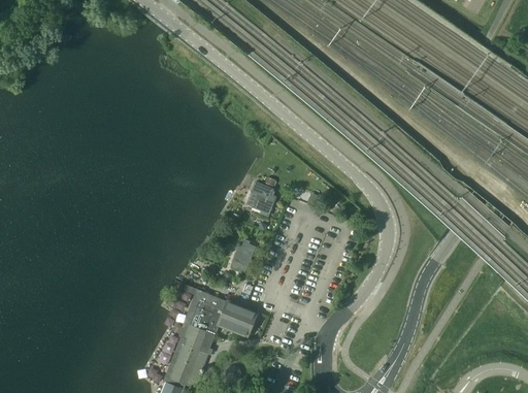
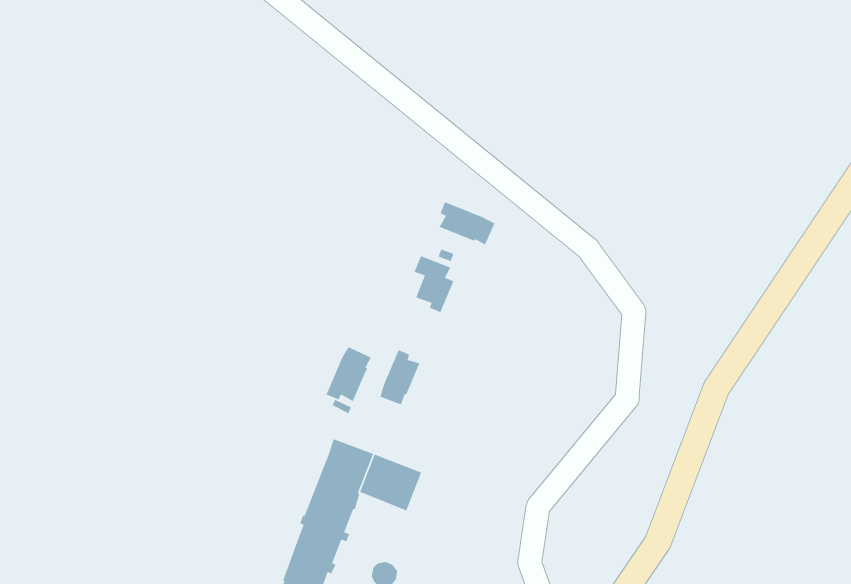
building: none -> [438,201,495,246]
building: none -> [326,346,372,402]

